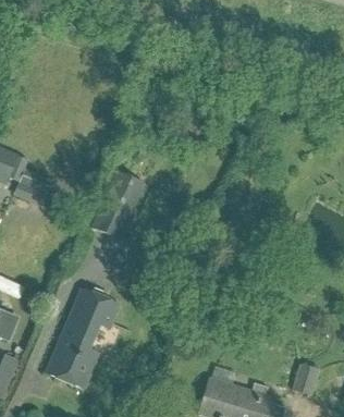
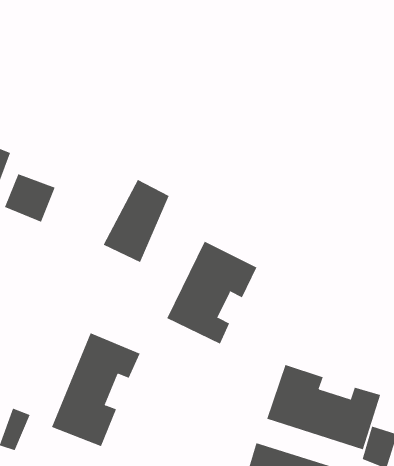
building: none -> [167,241,257,344]
building: none -> [267,364,381,450]

